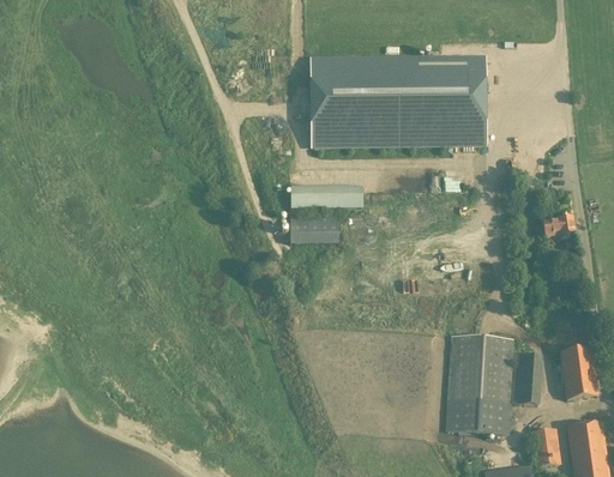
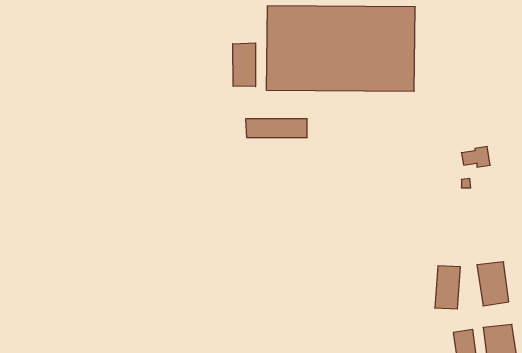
building: none -> [233,43,256,87]
building: [290,211,338,242] -> none
building: [449,336,511,434] -> none

